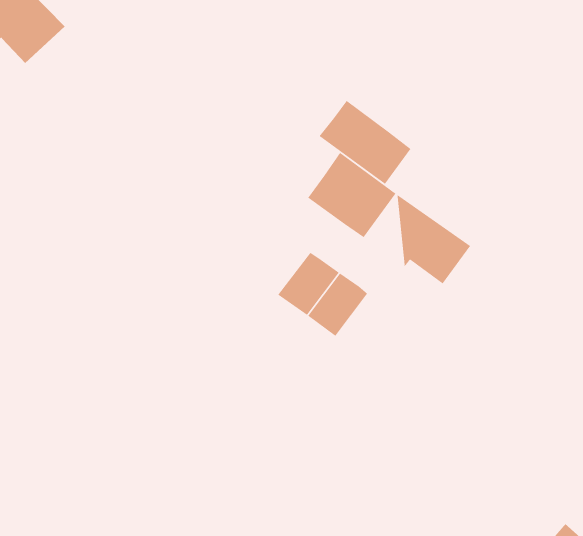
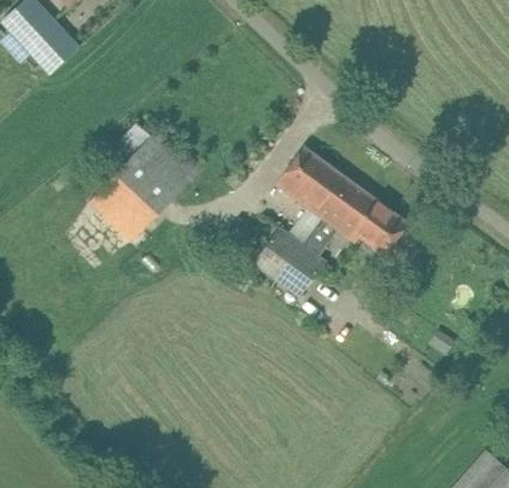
building: [318,100,412,185] -> none
building: none -> [87,126,201,240]

